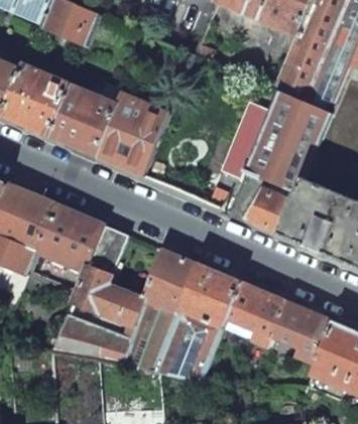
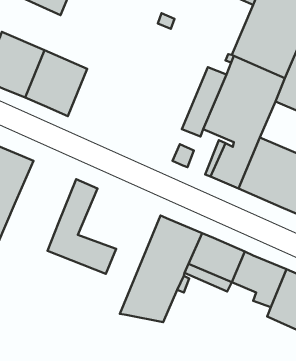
building: [95,93,167,174] -> none
building: [37,203,104,271] -> none
building: [51,249,196,370] -> none

